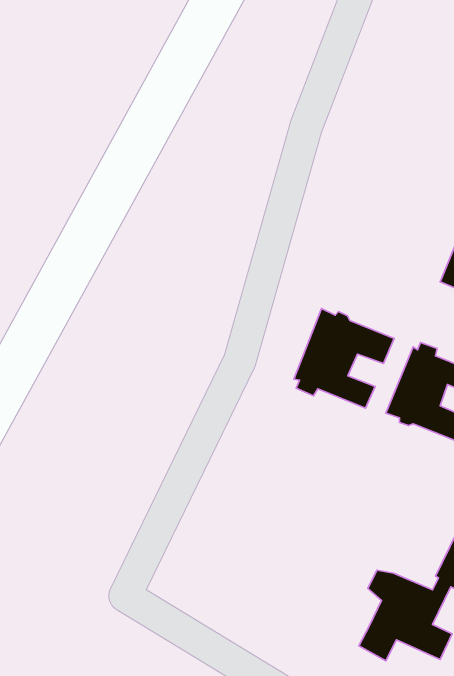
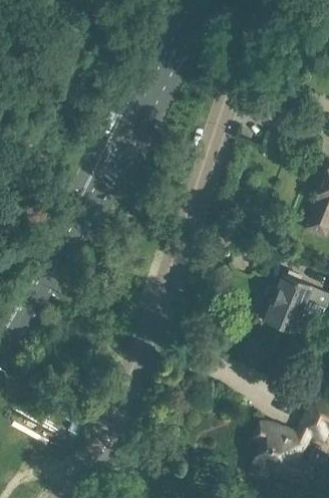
building: [294,309,394,408] -> none

